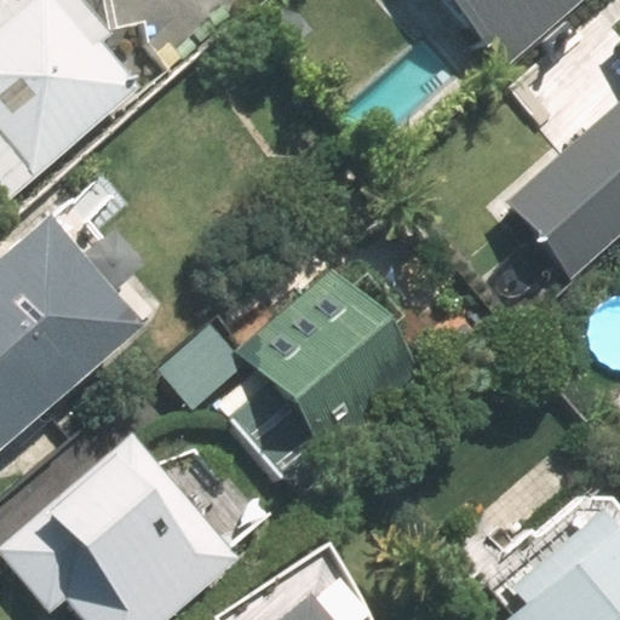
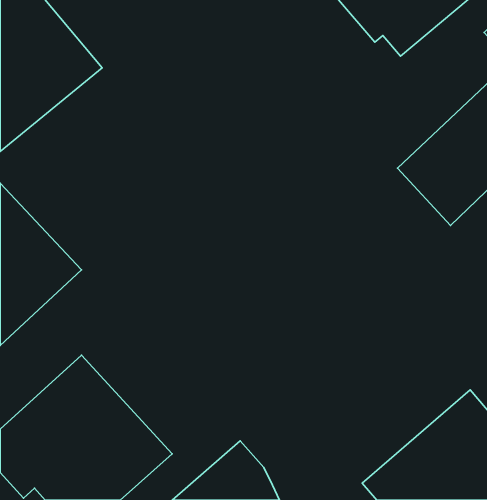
building: [156,271,411,482] -> none

